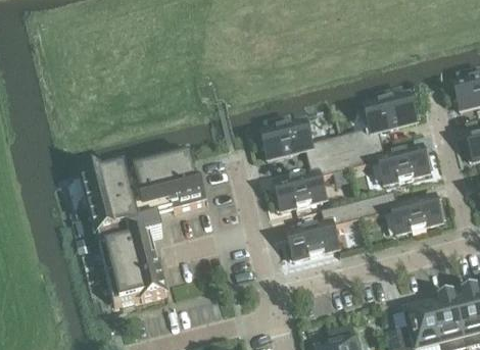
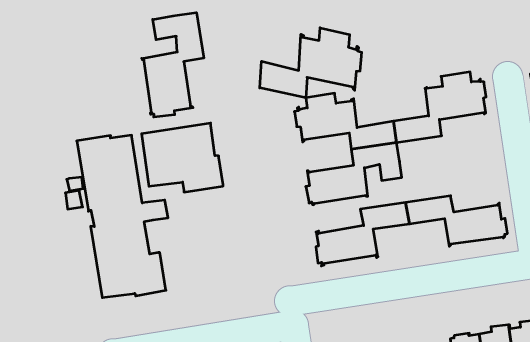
building: none -> [142,13,204,117]
building: none -> [260,28,362,98]
building: [345,143,432,183] -> none

